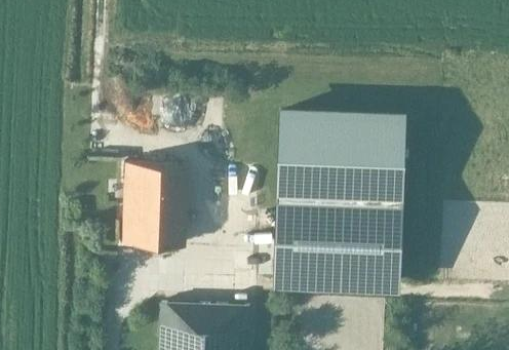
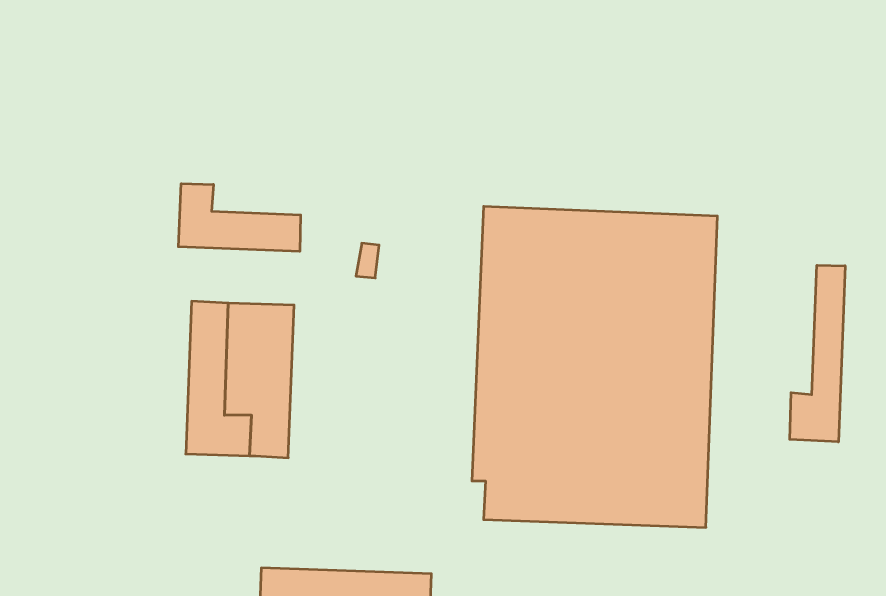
building: none -> [178,184,301,251]
building: none -> [790,265,845,442]

